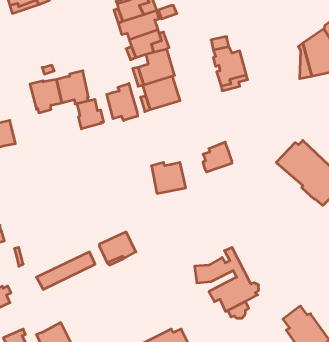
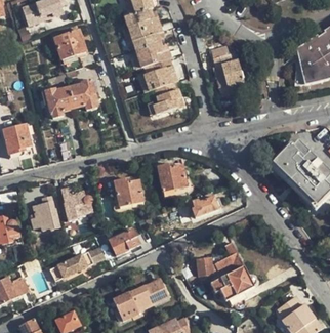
building: none -> [54,29,86,72]
building: [107,83,138,121] -> none
building: [77,99,103,129] -> none
building: [203,142,232,172] -> [192,190,218,217]
building: none -> [113,177,145,206]
building: none -> [61,186,92,221]
building: none -> [31,195,60,231]
building: none -> [114,278,170,322]

